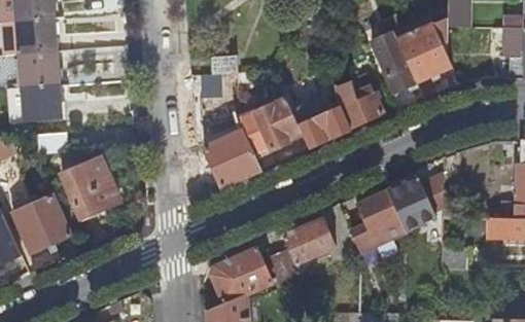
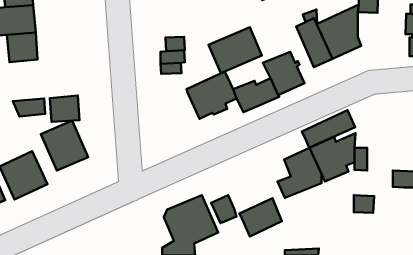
building: none -> [209,27,262,73]
building: [24,83,60,115] -> [50,96,80,122]
building: [204,131,260,188] -> none
building: none -> [302,110,355,148]
building: [284,218,336,264] -> [240,198,282,236]

